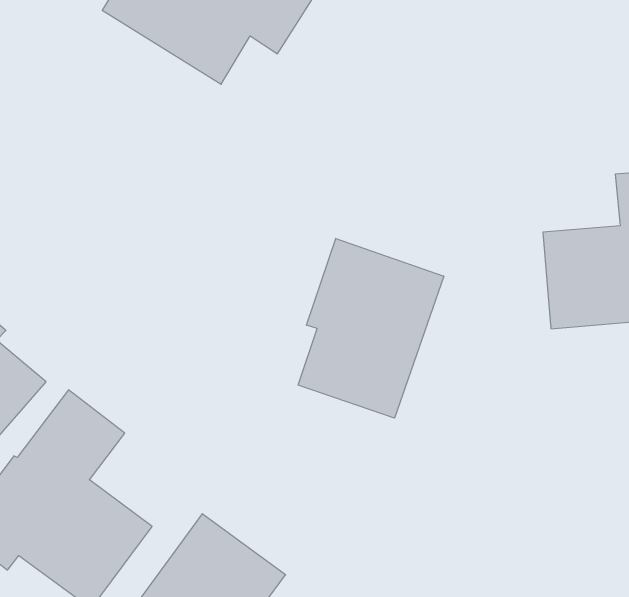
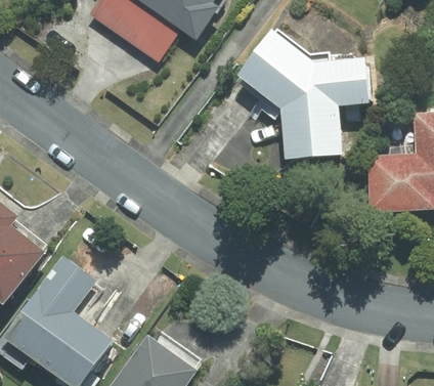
building: none -> [235,26,371,162]
building: [298,238,444,418] -> none

